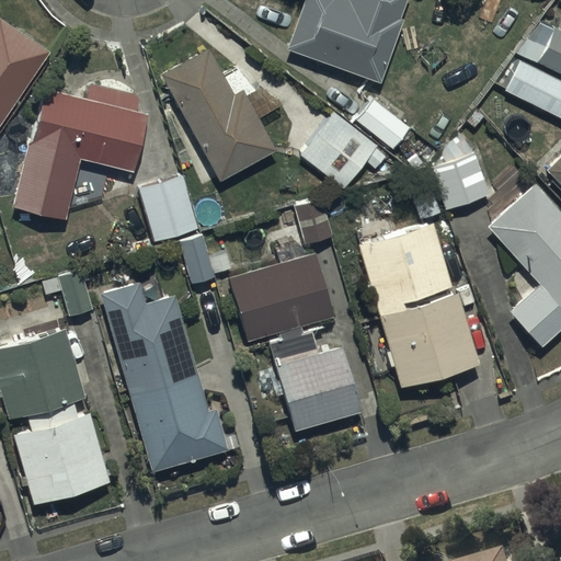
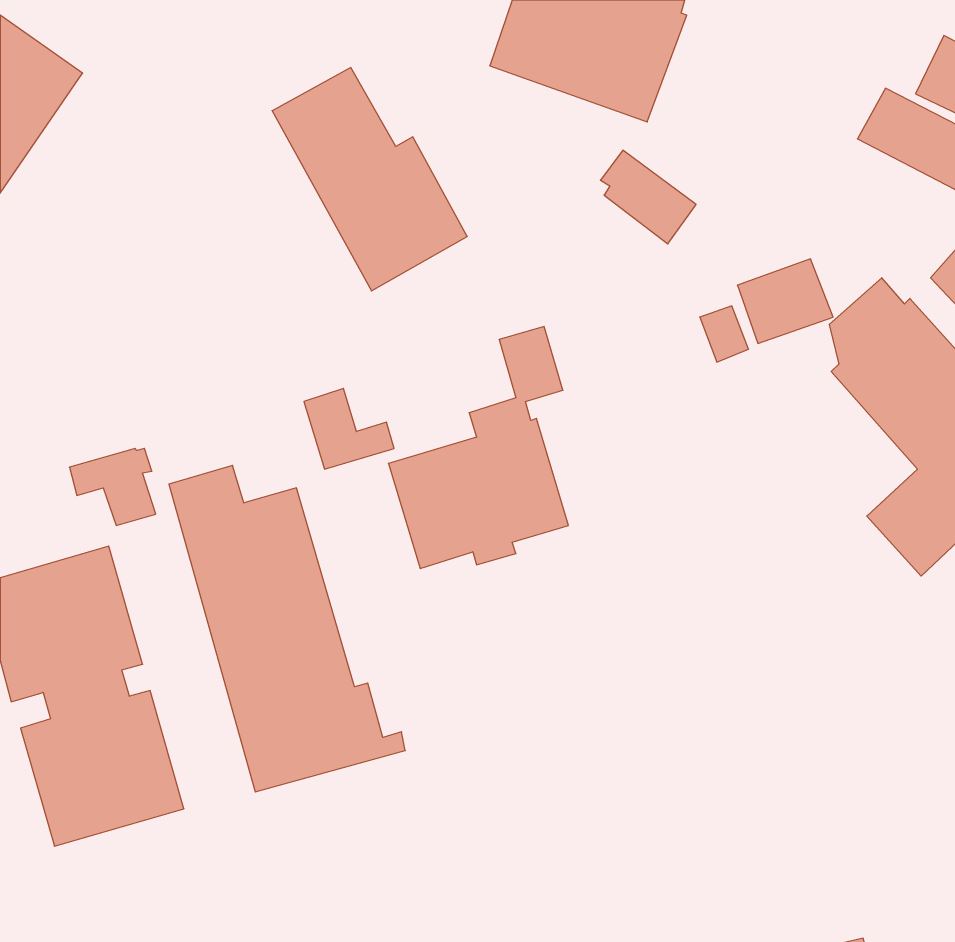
building: [12,85,149,219] -> none
building: [300,113,388,192] -> none
building: [138,176,198,243] -> none
building: [357,222,478,387] -> none
building: [271,331,359,432] -> none

